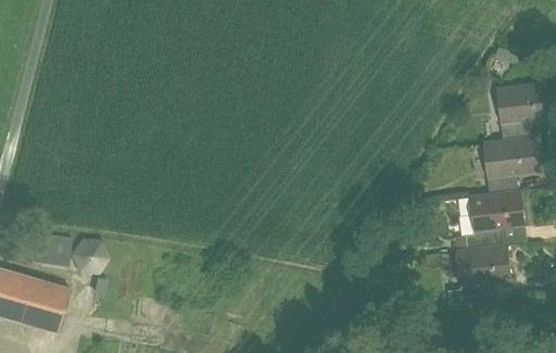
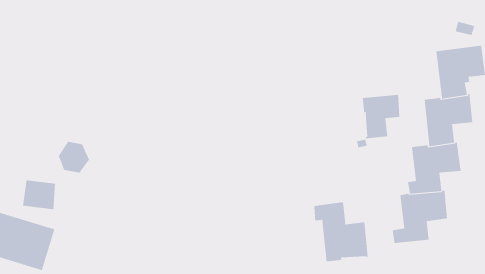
building: none -> [362,94,400,139]
building: [72,237,108,273] -> [58,141,90,173]
building: none -> [314,202,368,262]

